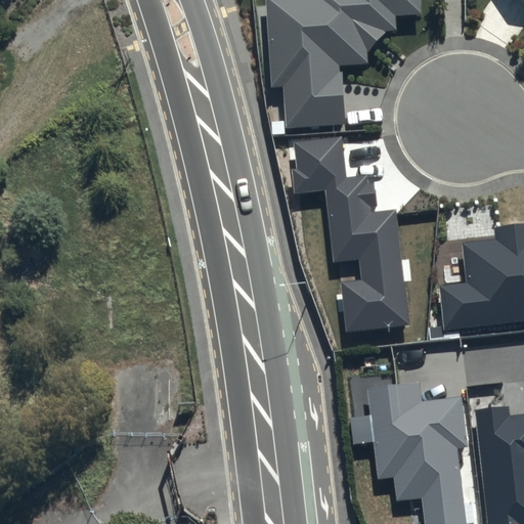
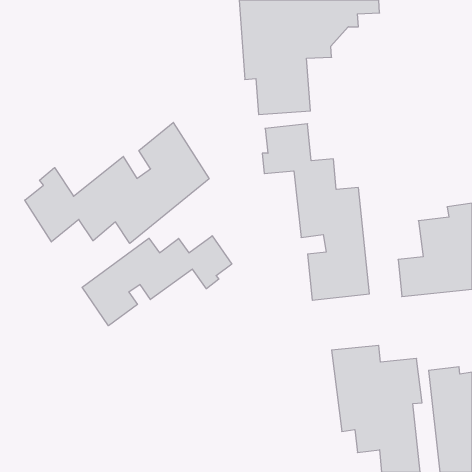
building: none -> [25,122,209,243]
building: none -> [82,236,232,326]

